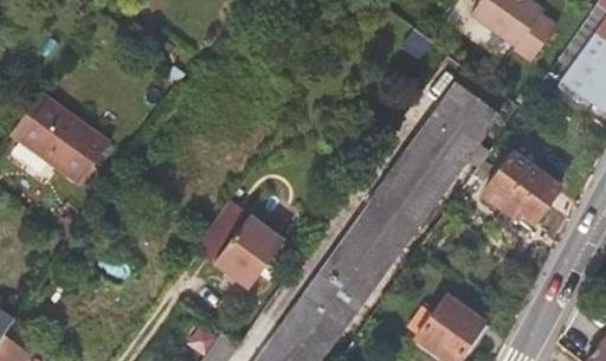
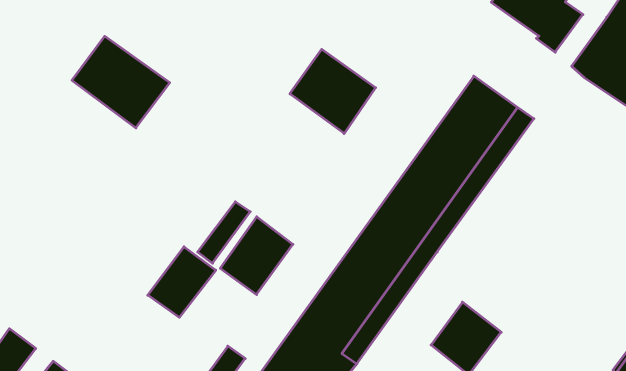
building: none -> [290,49,376,134]
building: [22,94,115,180] -> [72,36,170,128]
building: [479,154,556,223] -> none
building: none -> [148,247,216,317]

